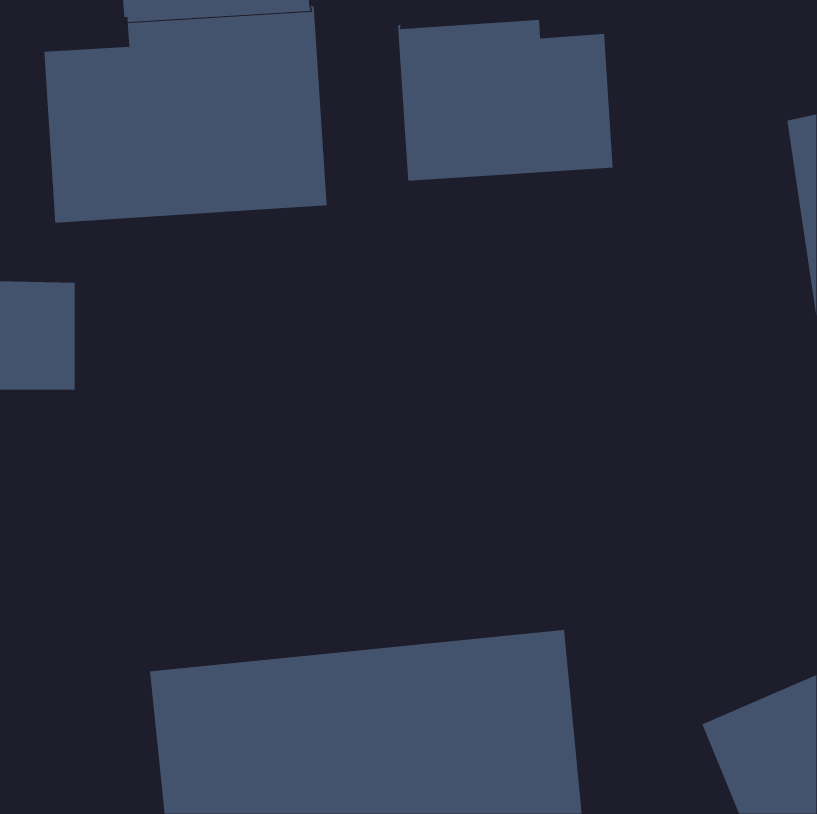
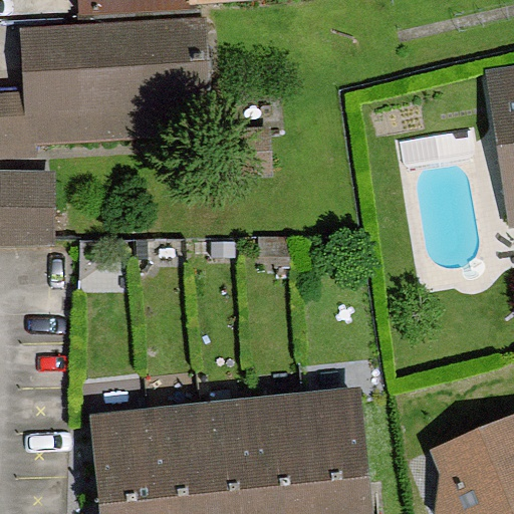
building: [398,19,613,182] -> none

